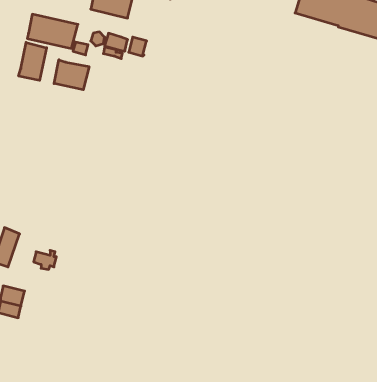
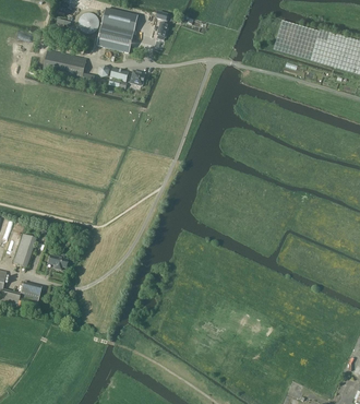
building: [19,42,47,80] -> none
building: [54,60,89,90] -> none

